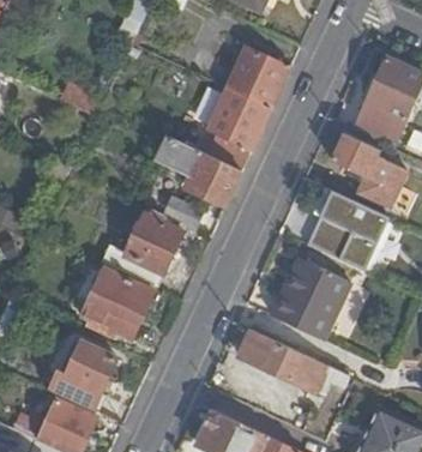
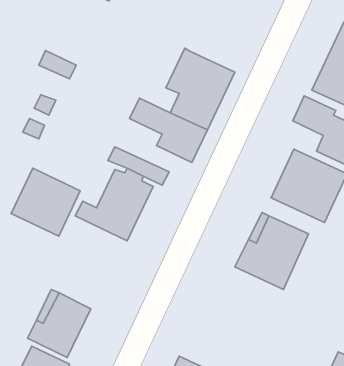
building: [223,47,289,109] -> none
building: [80,267,153,339] -> [11,168,80,236]
building: [237,330,349,391] -> none

